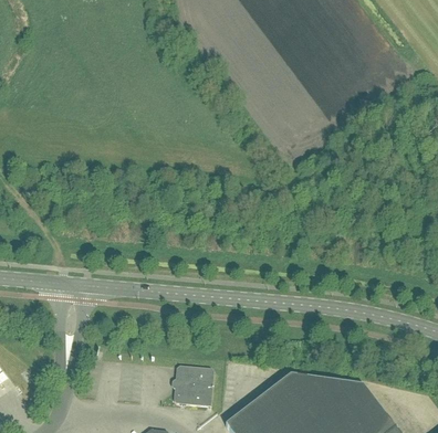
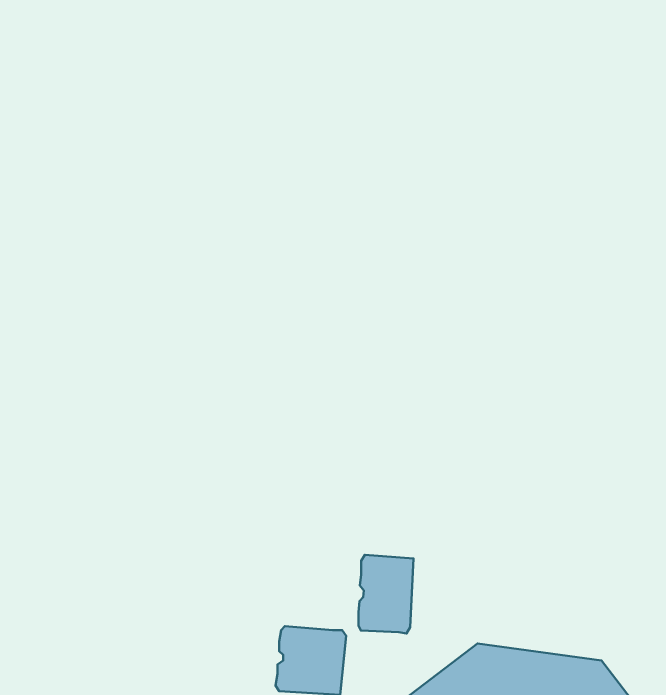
building: none -> [358,555,413,633]

